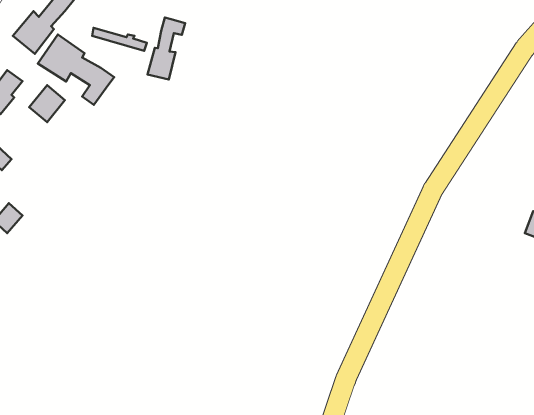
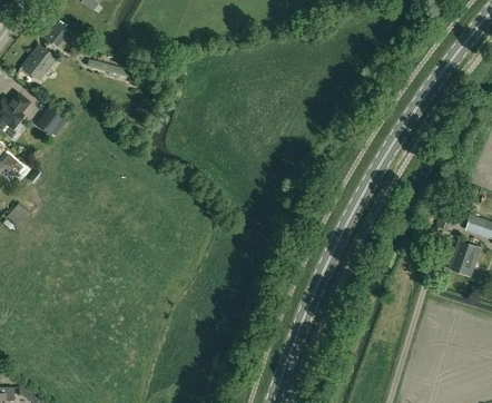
building: [148,17,185,80] -> none
building: [38,34,114,105] -> none

